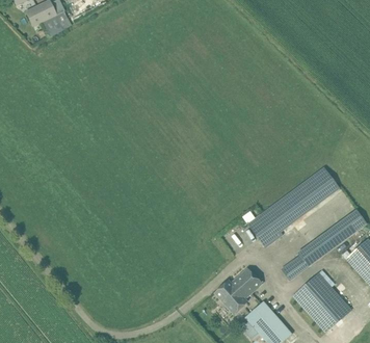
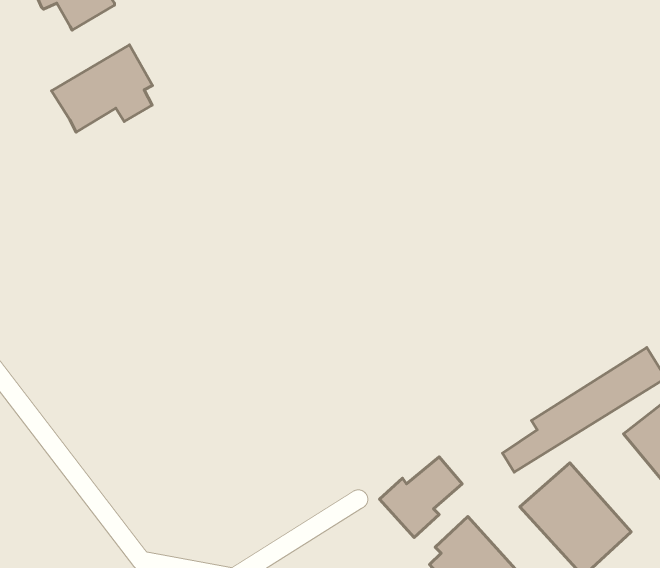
building: none -> [51,45,152,132]
building: [247,166,340,247] -> none

